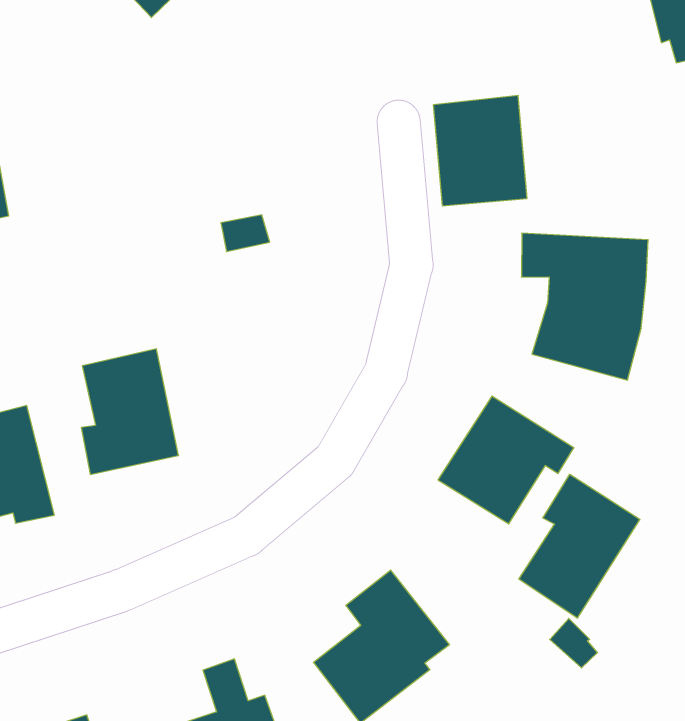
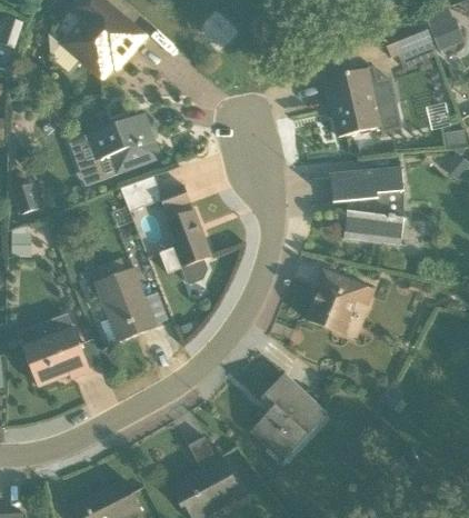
building: none -> [68,112,161,182]
building: [433,96,527,206] -> [326,64,386,132]
building: none -> [159,209,212,281]
building: [519,474,640,618] -> none

